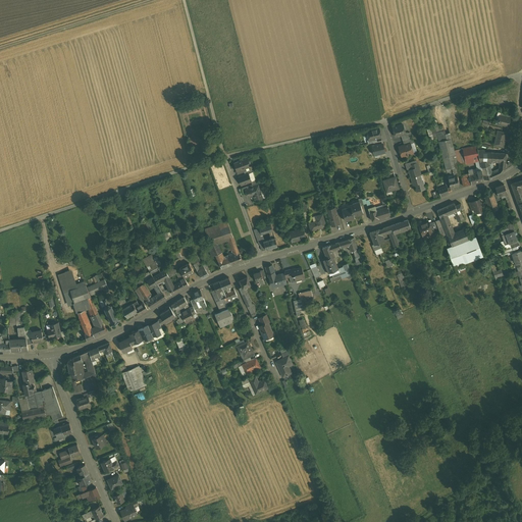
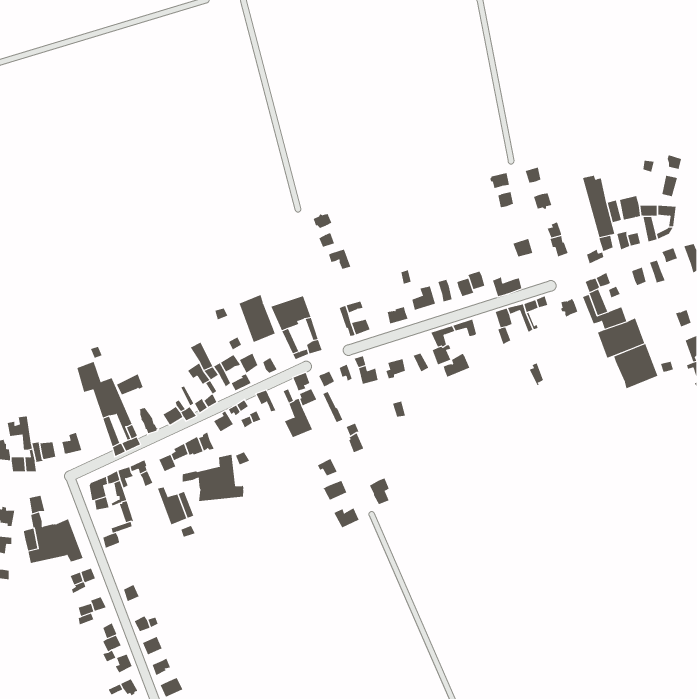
building: none -> [239,294,276,343]
building: none -> [613,343,658,389]
building: none -> [182,454,244,502]

